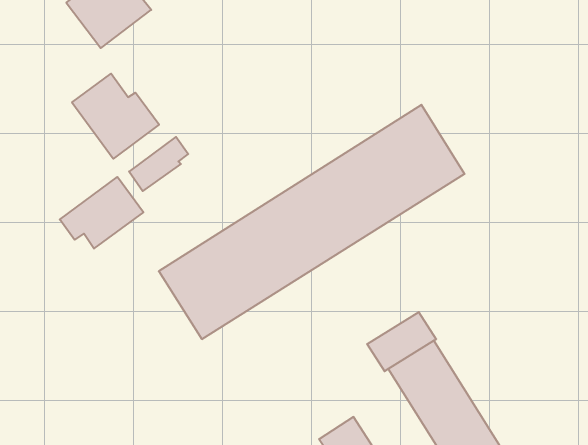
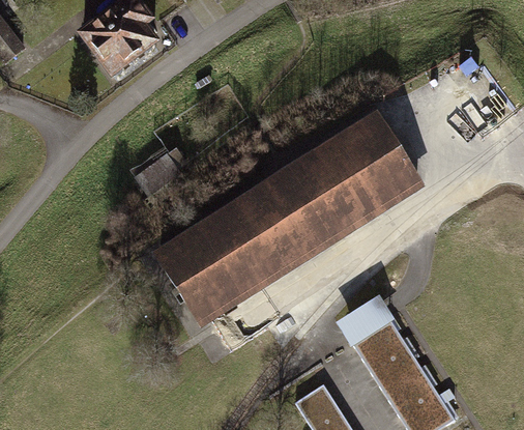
building: [72,74,159,159] -> none
building: [60,177,143,249] -> none

